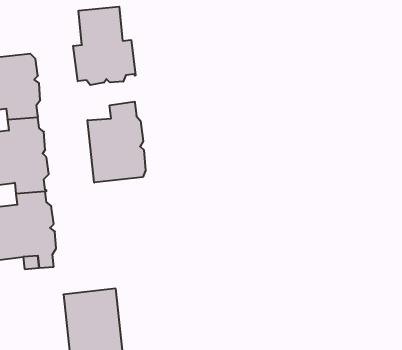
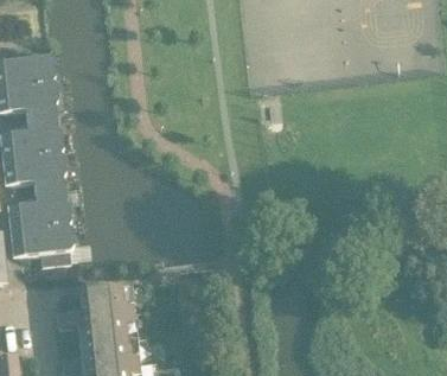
building: [73,7,136,85] -> none
building: [88,102,146,183] -> none

